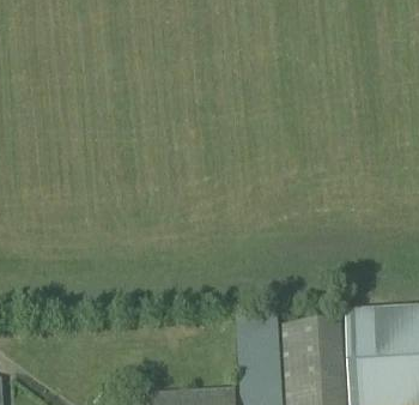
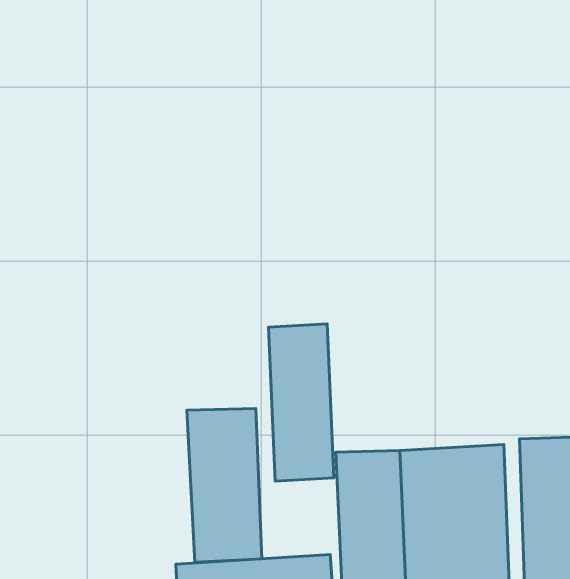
building: none -> [268,324,334,481]
building: none -> [187,408,262,562]

